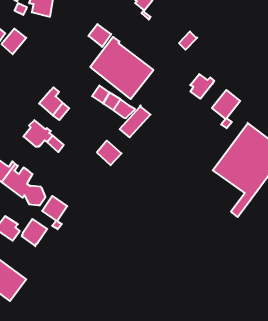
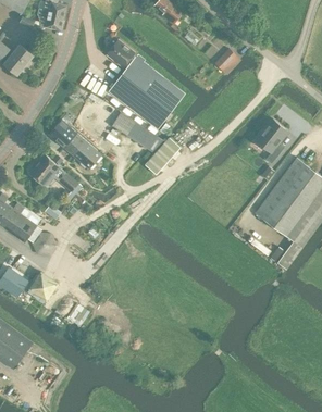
building: [190,74,214,99] -> none
building: [97,141,122,165] -> [72,139,101,168]
building: [42,196,67,229] -> none

